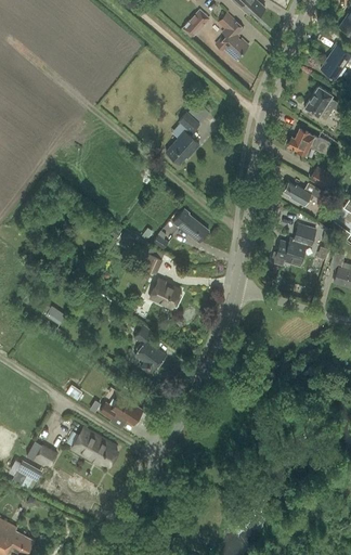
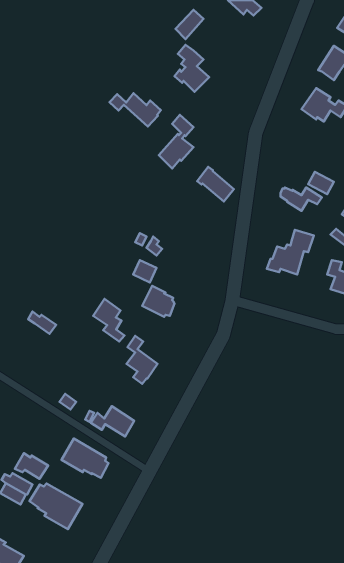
building: [216,15,249,61] -> [174,45,209,92]
building: none -> [109,93,161,126]
building: [287,129,330,156] -> none
building: [173,209,209,243] -> [197,167,234,201]
building: none -> [93,299,125,342]
building: none -> [29,483,83,529]

